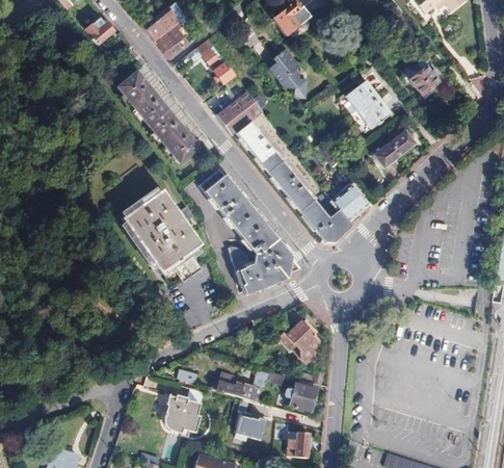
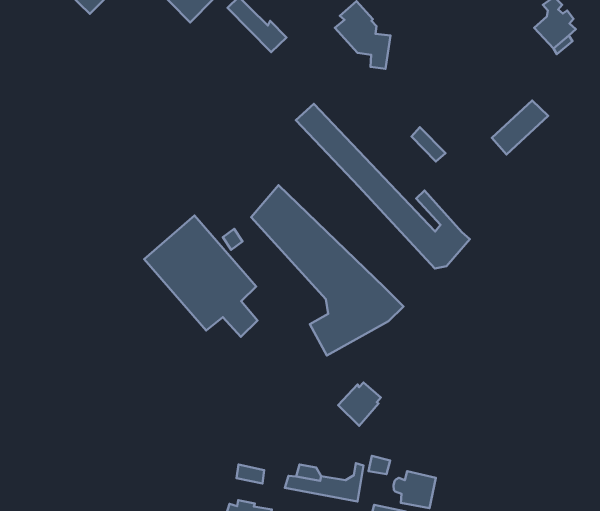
building: [120,63,211,164] -> none
building: [345,80,389,128] -> none
building: [217,89,264,134] -> none
building: [330,186,366,218] -> none
building: [287,319,317,349] -> [338,382,381,426]

